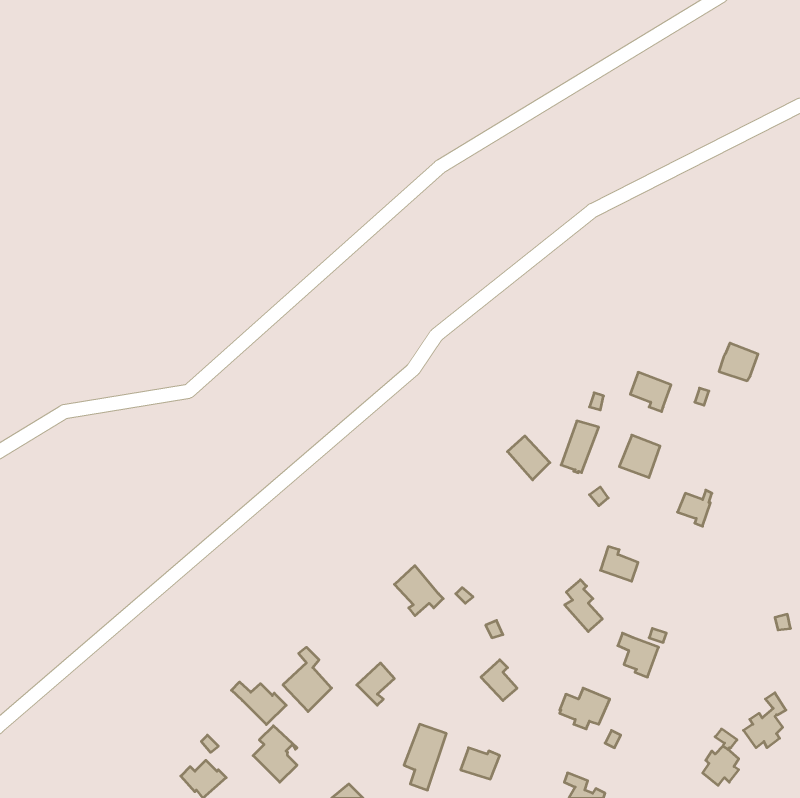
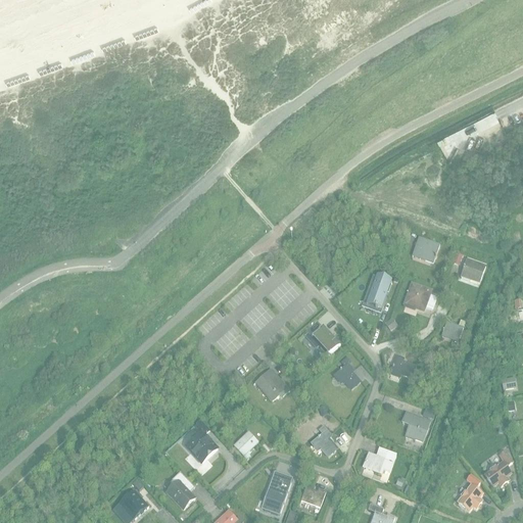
building: [719,343,758,381] -> [459,258,484,283]
building: [507,436,550,480] -> [311,326,338,354]
building: [565,580,602,632] -> [335,355,360,389]
building: [231,682,286,725] -> none

